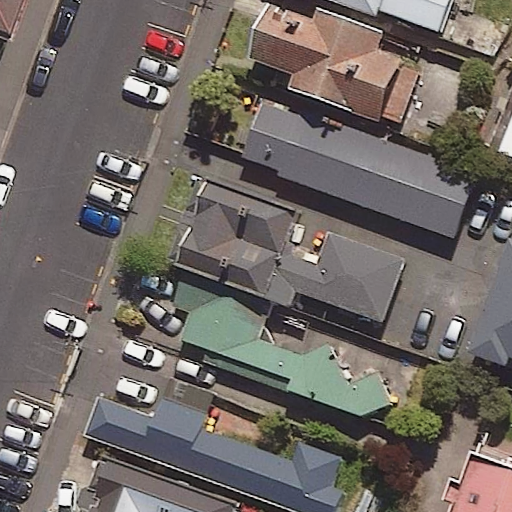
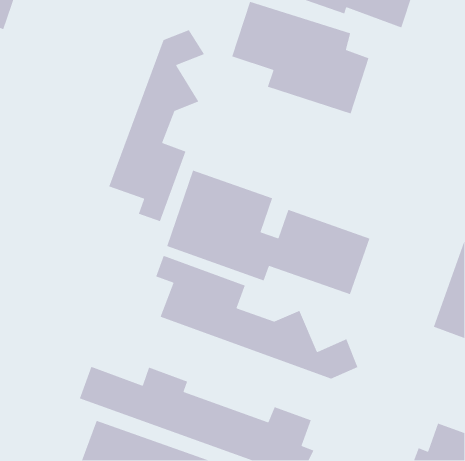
building: none -> [108,29,205,222]
building: [241,100,476,238] -> none

